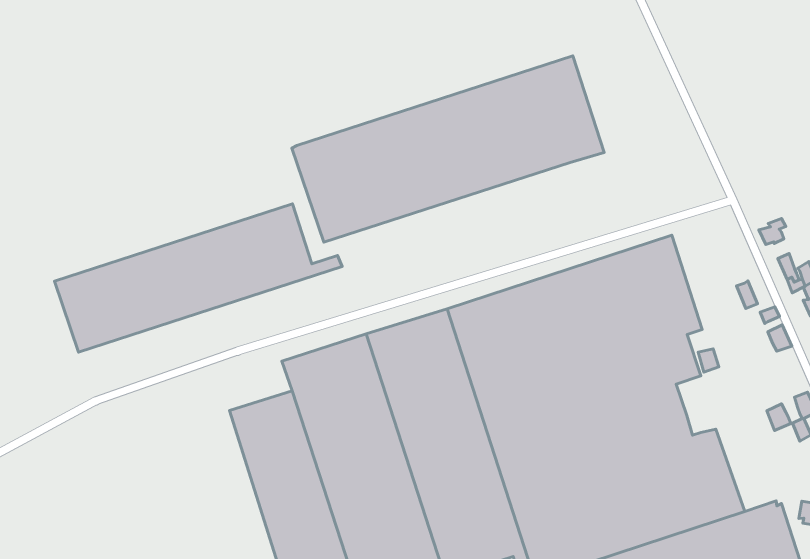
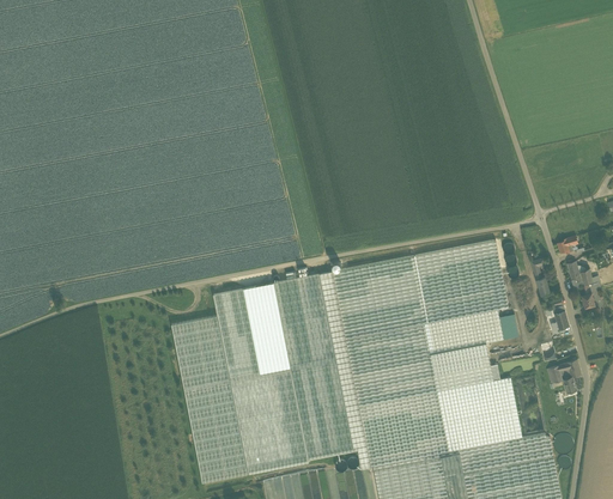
building: [292,56,604,242] -> none
building: [54,204,342,352] -> none

